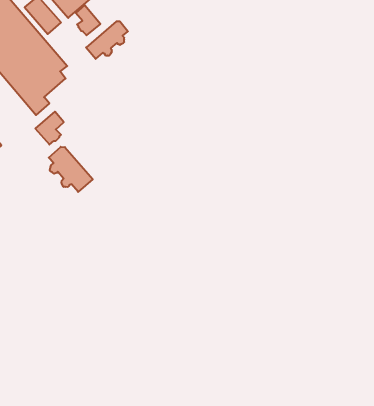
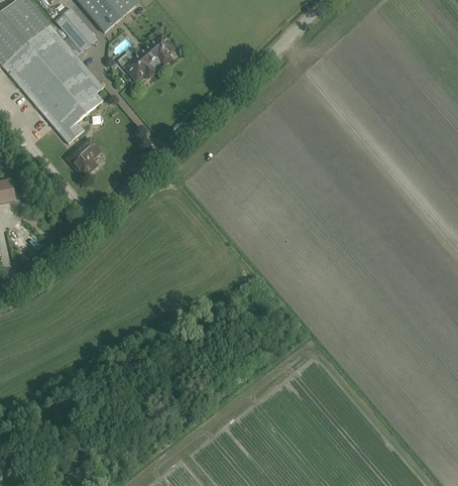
building: [76,5,100,35] -> none
building: [49,147,93,192] -> none

